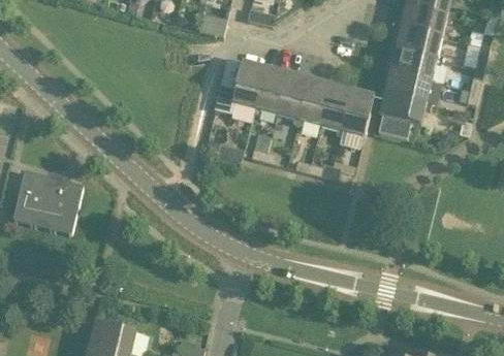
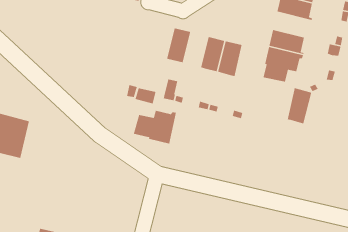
building: [389,47,440,79] -> none
building: [213,59,264,112] -> none
building: [276,72,308,119] -> none
building: [342,89,374,136] -> [287,87,312,125]
building: none -> [133,110,177,144]

